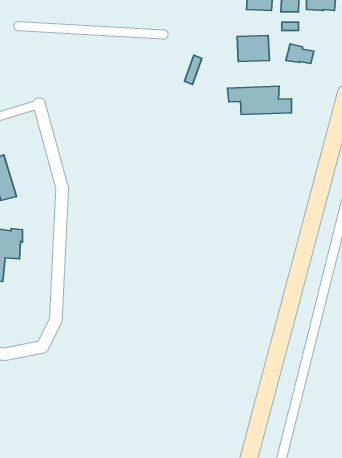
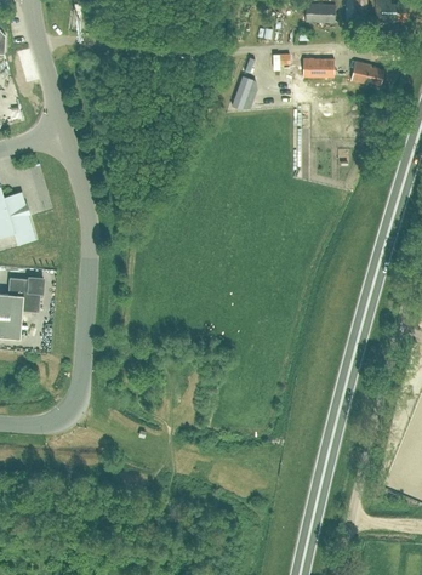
building: [228,86,291,114] -> none

